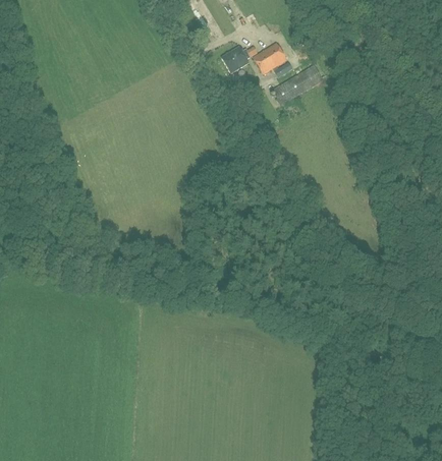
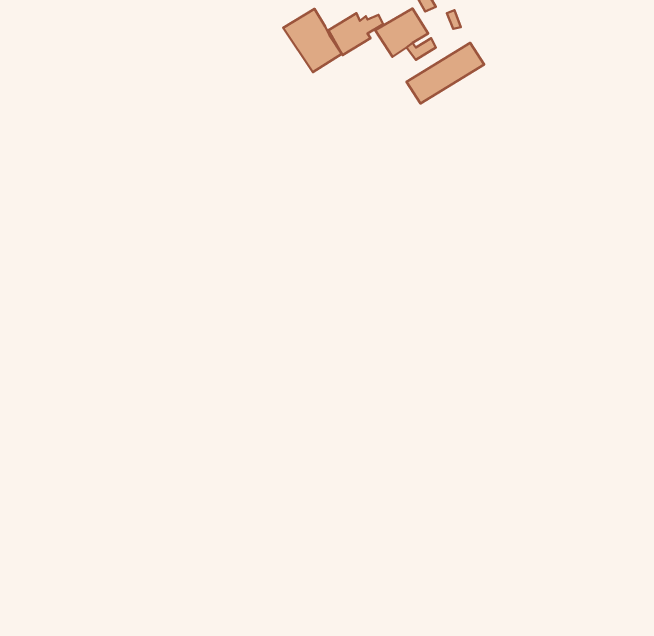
building: none -> [283,9,342,72]

